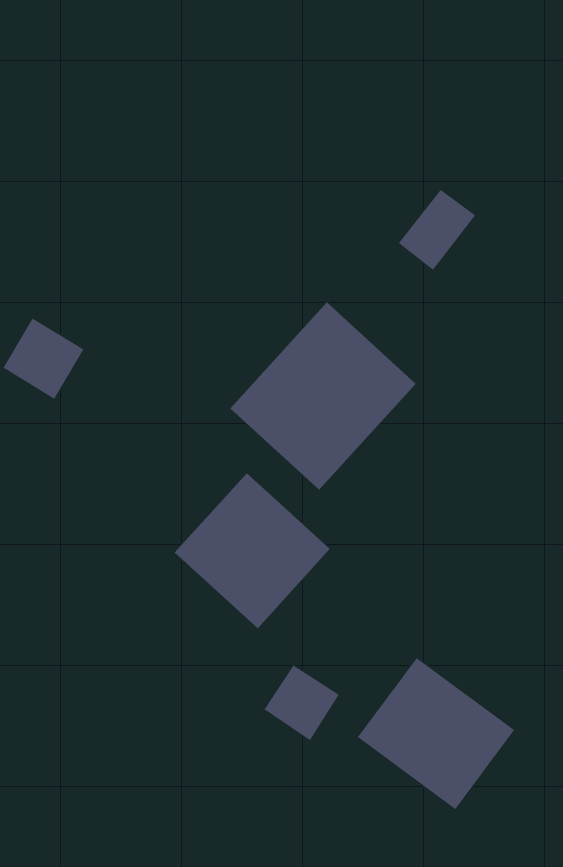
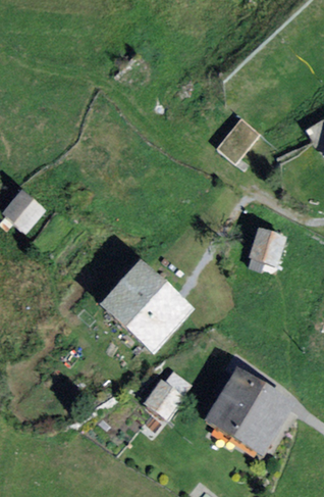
building: [230,302,417,490] -> none
building: none -> [248,226,285,264]

